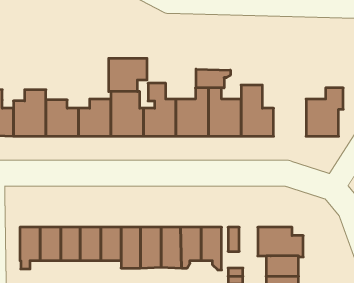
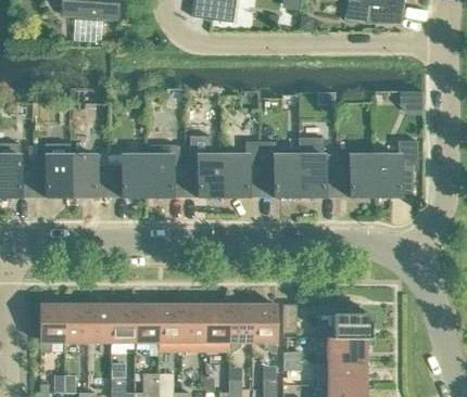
building: [109,58,147,92] -> none
building: [196,69,230,88] -> none
building: none -> [335,154,373,197]

